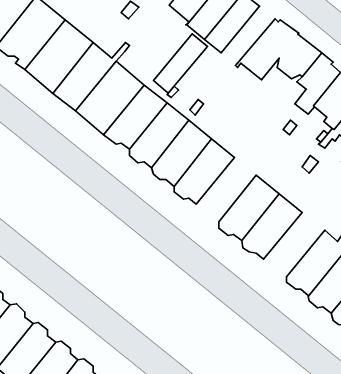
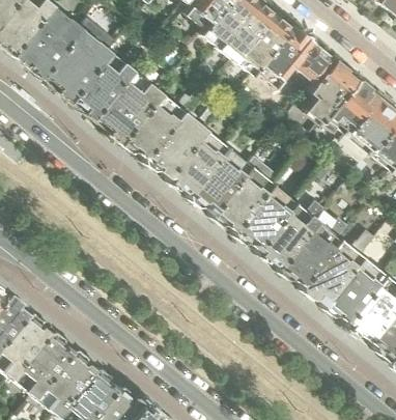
building: [154,34,208,93] -> [236,13,290,73]
building: none -> [211,156,280,229]
building: none -> [279,220,340,284]

